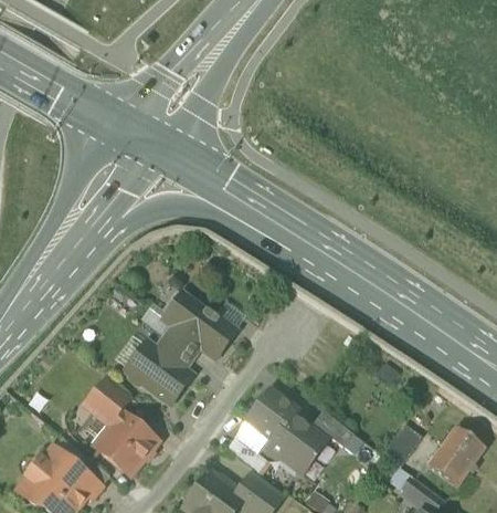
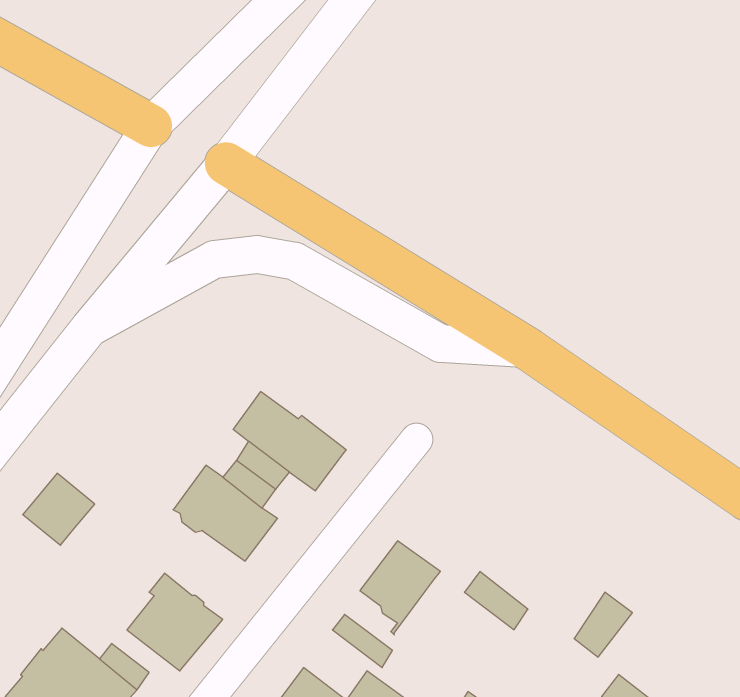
building: [85,377,131,423] -> [23,473,95,545]
building: [267,416,326,473] -> none
building: [427,427,485,486] -> none

